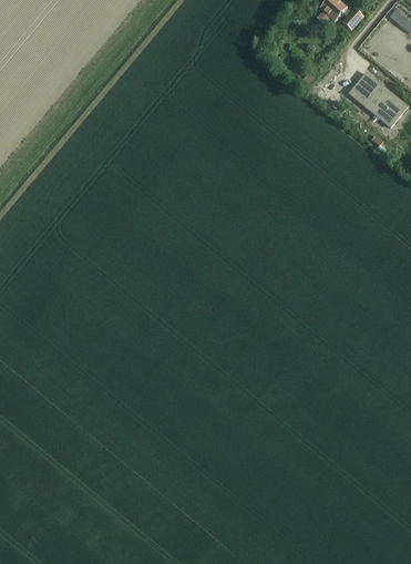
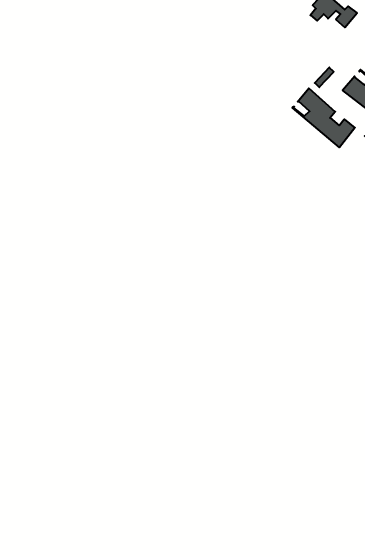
building: none -> [292,88,355,147]

